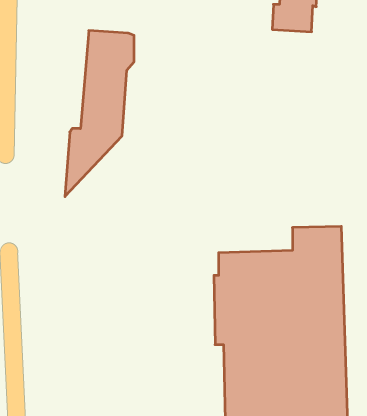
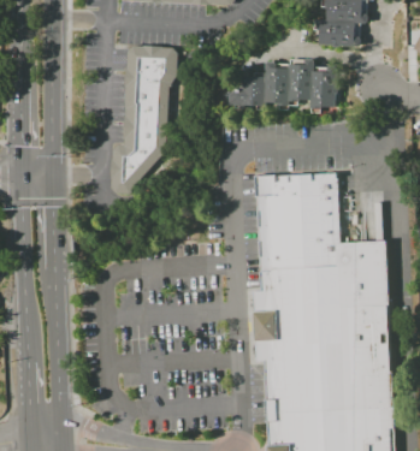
building: none -> [229,60,335,108]
building: none -> [261,177,338,269]

